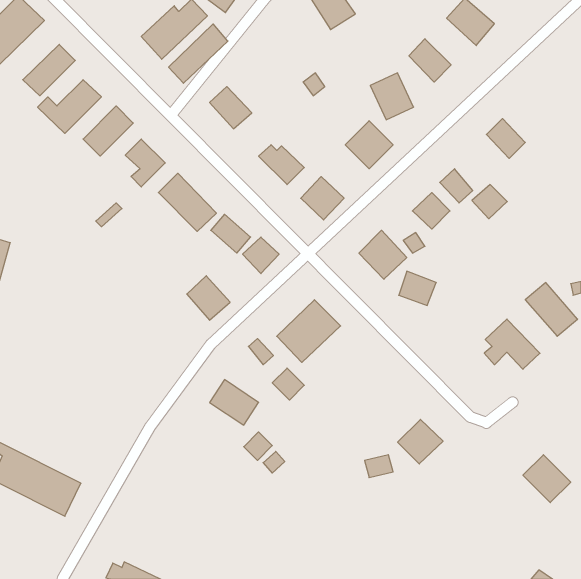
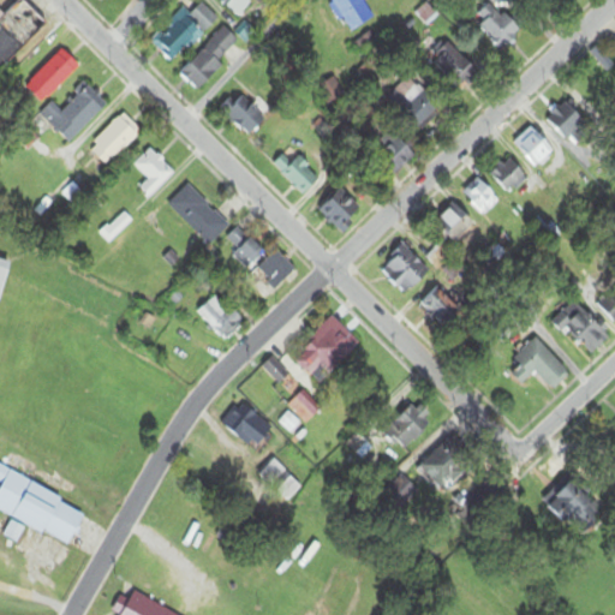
building: none -> [545,96,586,138]
building: [472,185,507,219] -> [489,156,526,192]
building: none -> [384,400,435,450]

